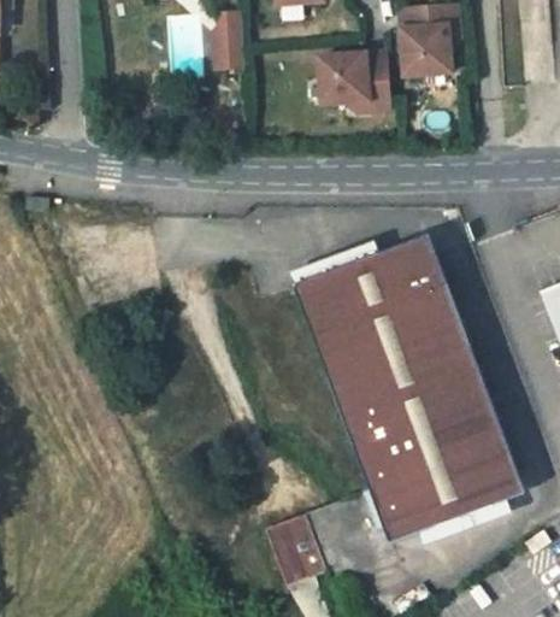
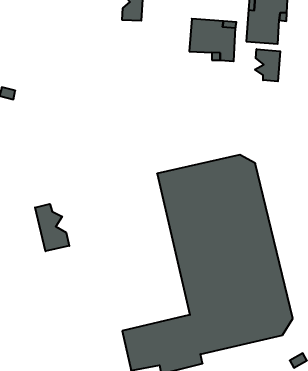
building: none -> [255,49,280,81]
building: none -> [35,204,69,251]

